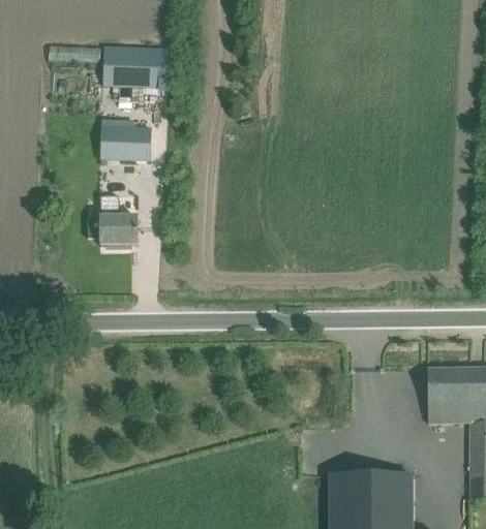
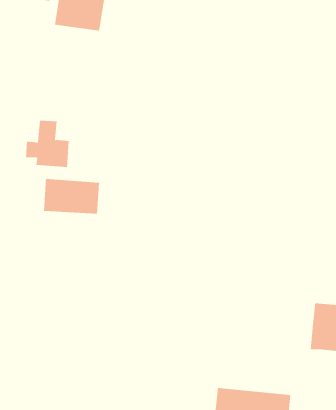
building: [100,126,151,161] -> none
building: none -> [43,178,99,215]

